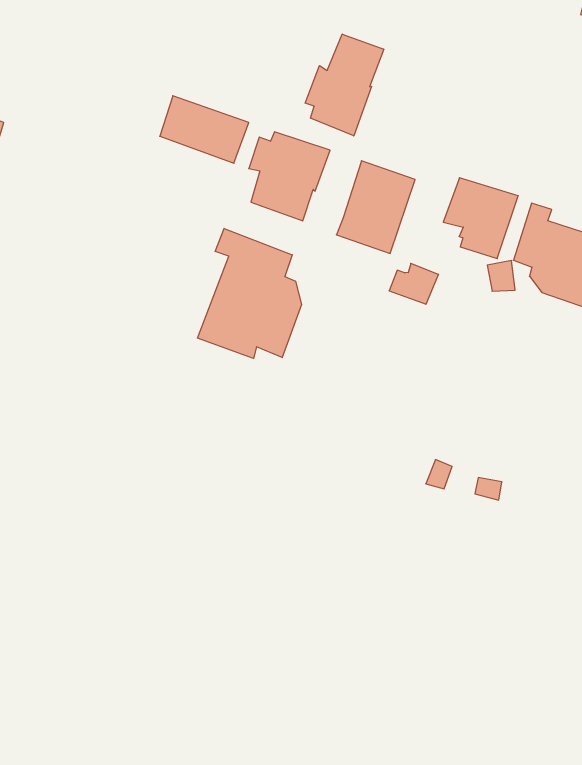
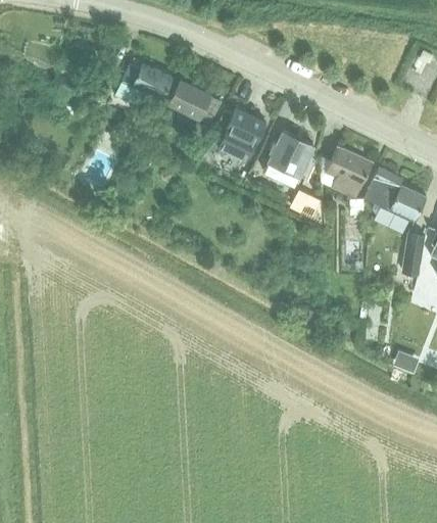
building: [305,34,384,136] -> none
building: none -> [115,62,173,104]
building: [198,228,302,358] -> none

